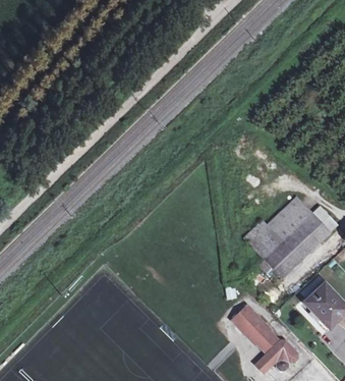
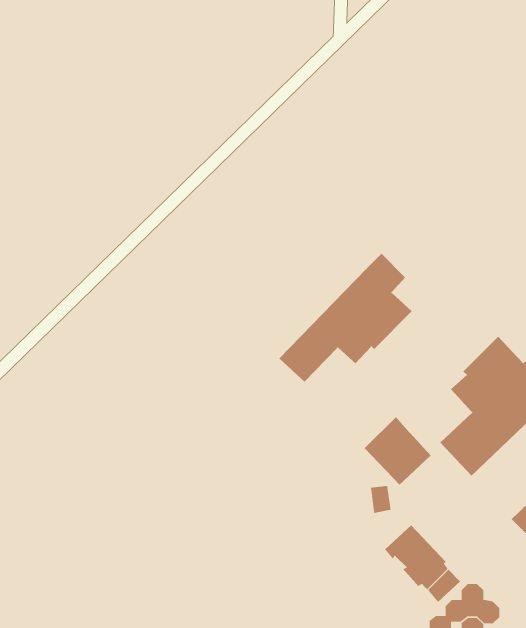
building: none -> [279,253,413,383]
building: [243,219,282,259] -> [364,416,432,486]

